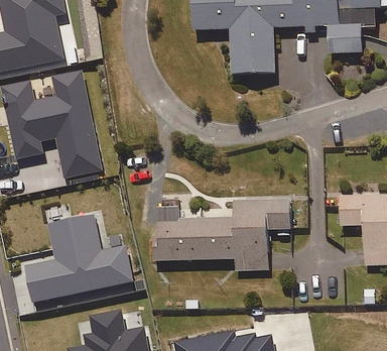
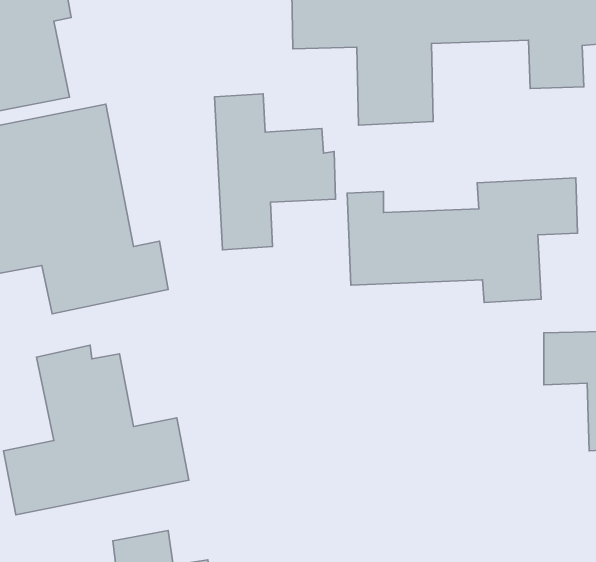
building: none -> [215,94,335,250]
building: [156,199,290,271] -> [347,178,578,302]

